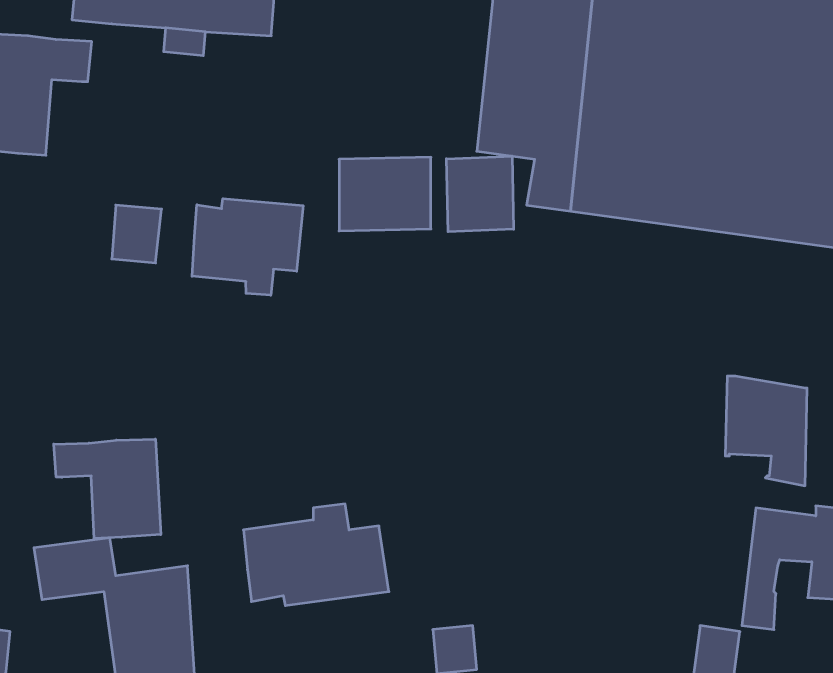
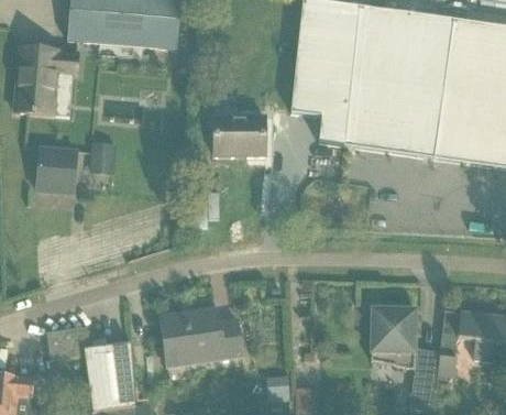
building: [446,156,514,232] -> none
building: [192,199,303,295] -> none
building: none -> [36,146,77,192]
building: [725,376,807,486] -> [371,307,416,368]
building: [54,439,161,539] -> none

